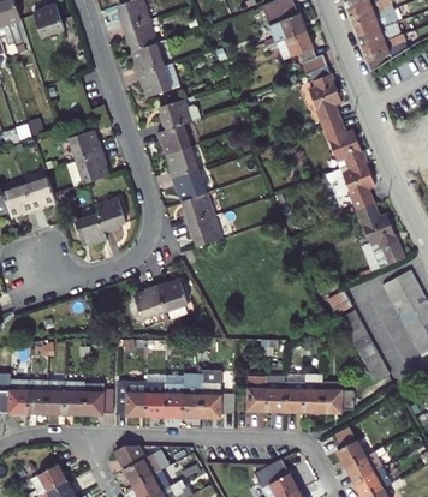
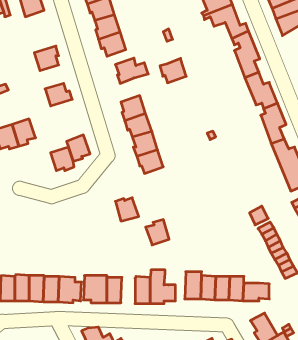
building: [155,126,189,157] -> [160,58,186,83]
building: [75,154,106,185] -> [34,46,59,71]
building: [135,285,165,317] -> [146,220,169,245]
building: [165,382,183,415] -> none

